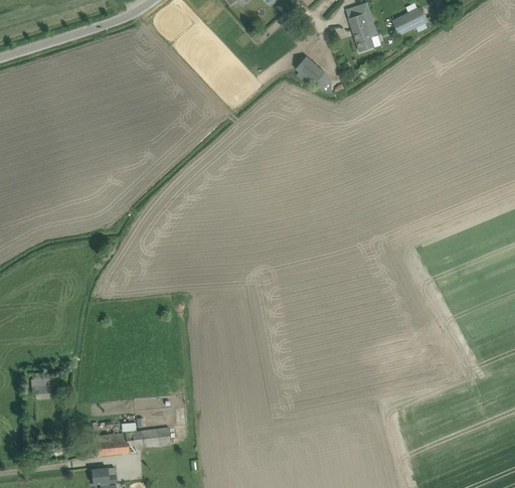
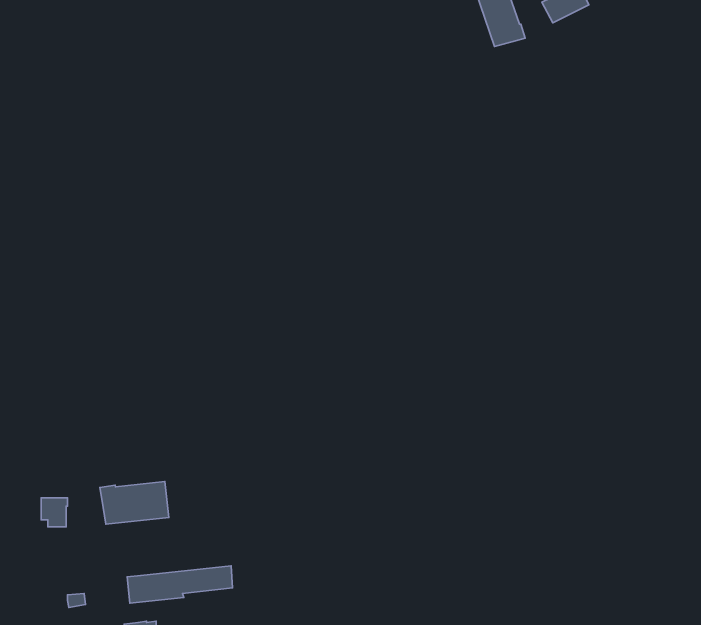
building: [295,56,324,85] -> none
building: none -> [100,482,169,524]

